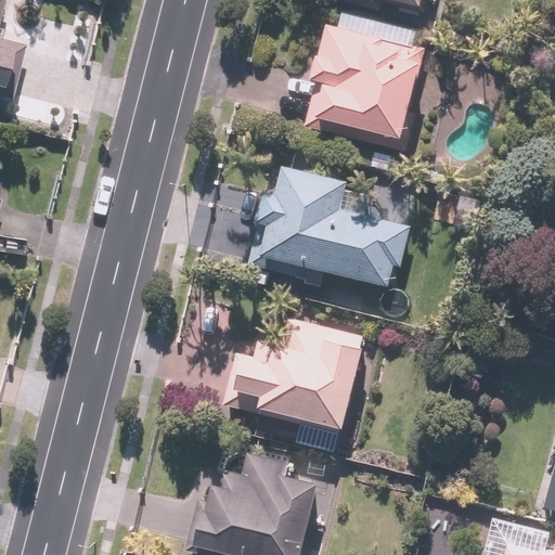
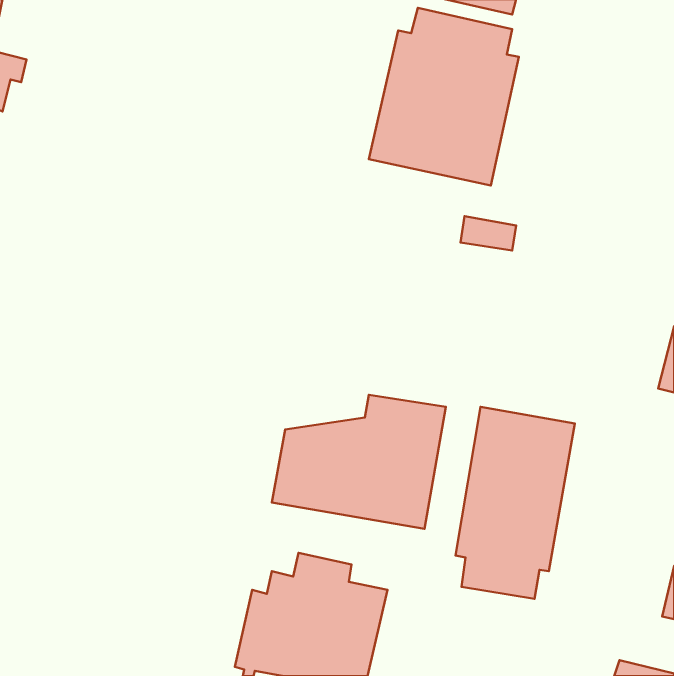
building: [246,165,409,289] -> none
building: none -> [455,407,575,599]

